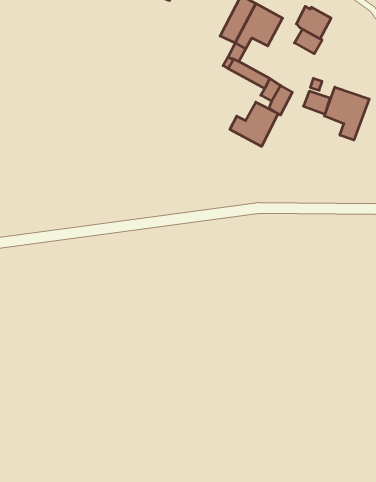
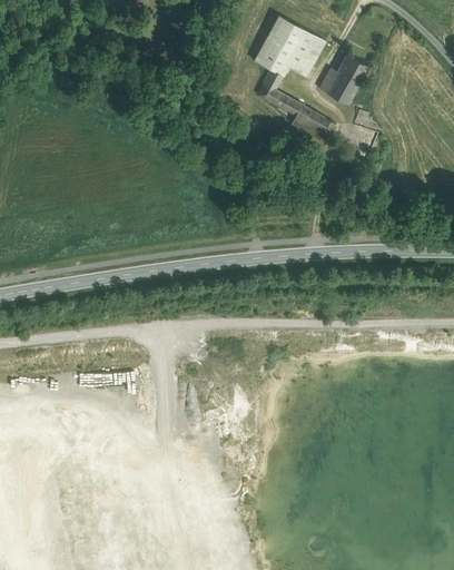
building: [296,6,331,39] -> [322,68,361,105]
building: [324,87,369,140] -> none
building: [230,102,278,146] -> none

